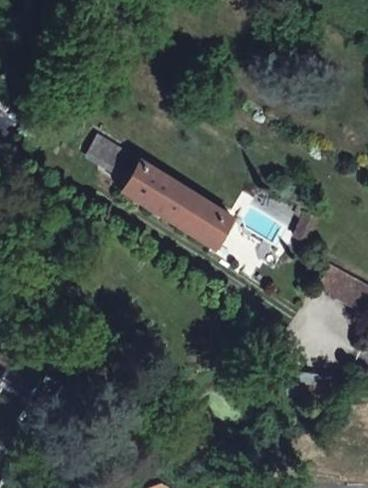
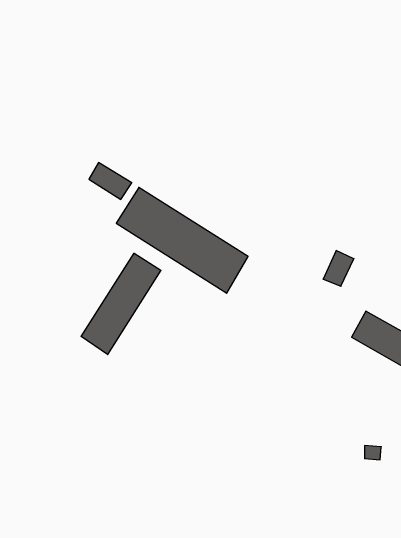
building: none -> [81,253,161,355]

